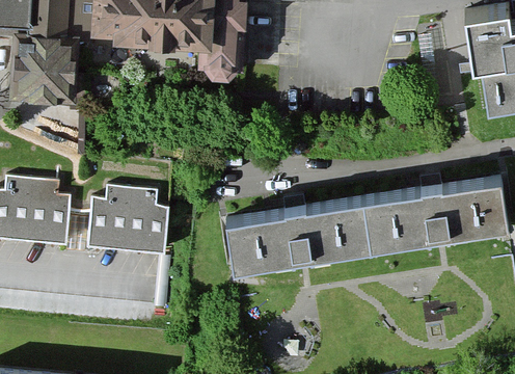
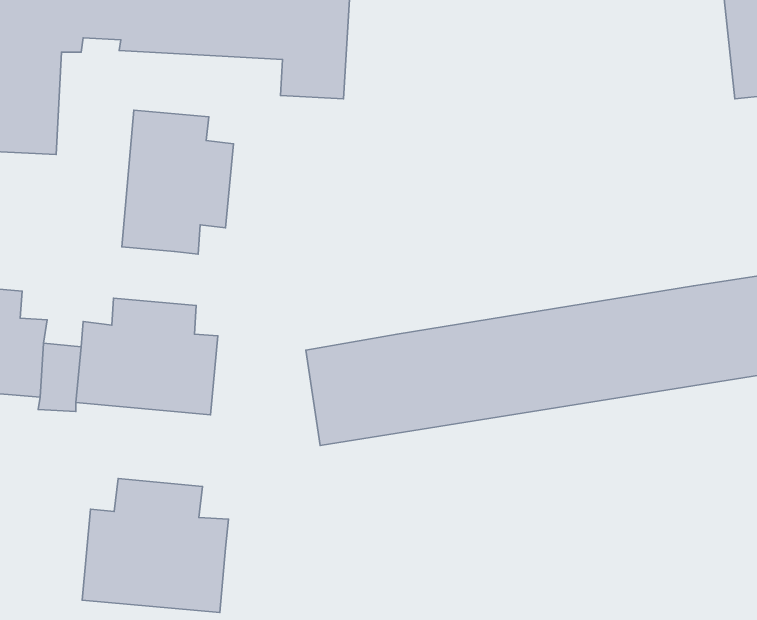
building: none -> [122,110,233,254]
building: none -> [82,479,229,612]

